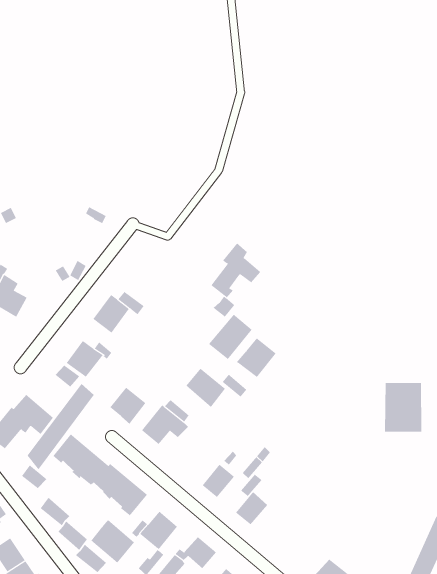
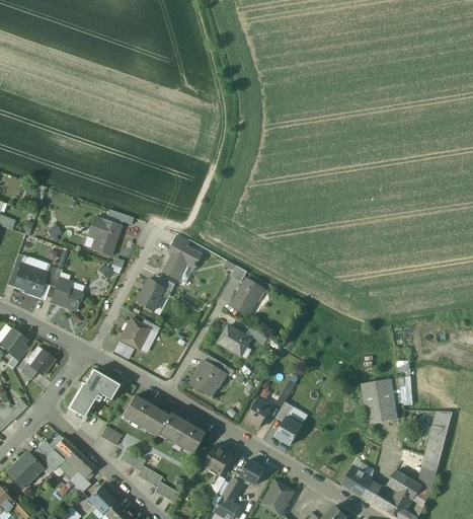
building: none -> [90,217,120,254]
building: [210,243,261,298] -> [163,234,202,280]
building: [236,337,277,378] -> none
building: [384,382,422,432] -> [362,379,398,424]
building: [27,383,95,470] -> none
building: [109,387,146,425] -> none
building: [90,519,135,564] -> none

